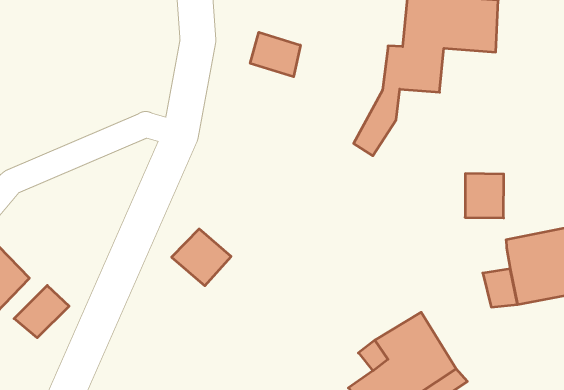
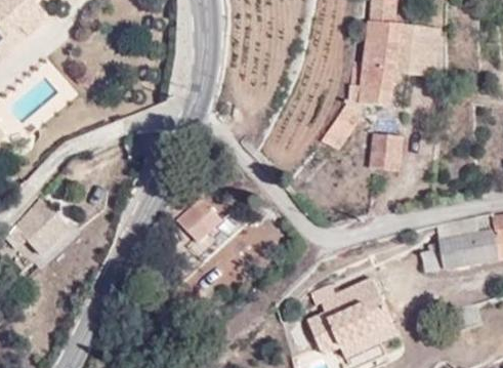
building: [250,32,300,77] -> none
building: [465,174,504,218] -> [369,134,401,170]
building: [14,285,69,338] -> none

